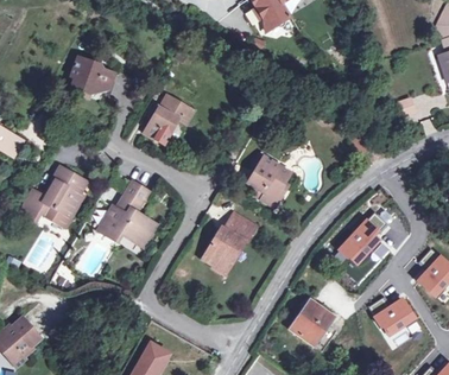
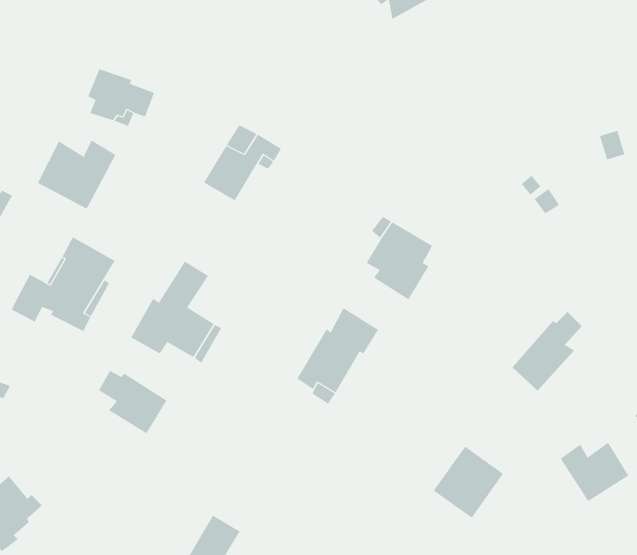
building: none -> [37,139,116,209]
building: none -> [98,370,167,434]

